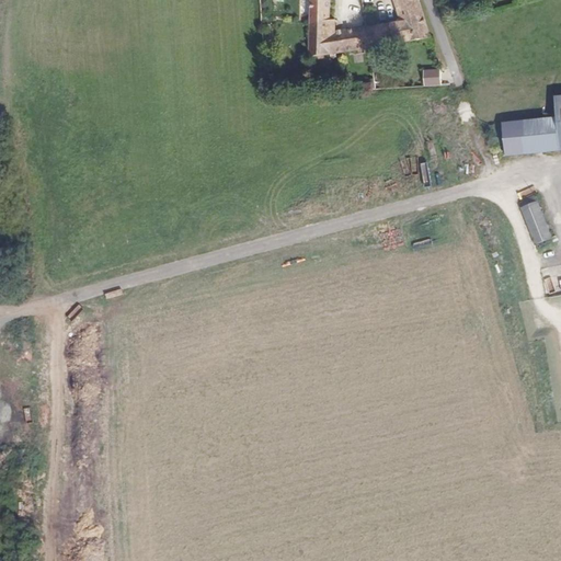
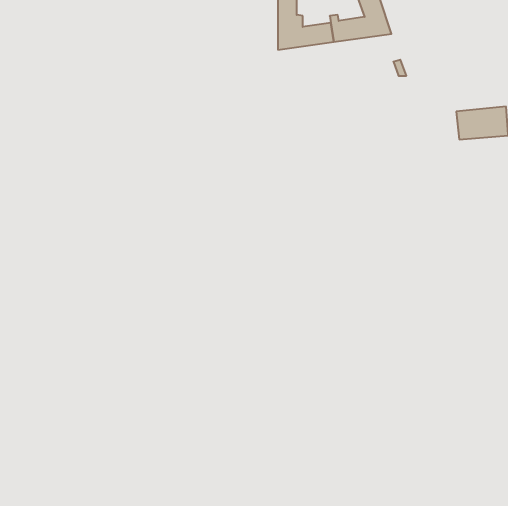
building: [516,193,550,245] -> none

